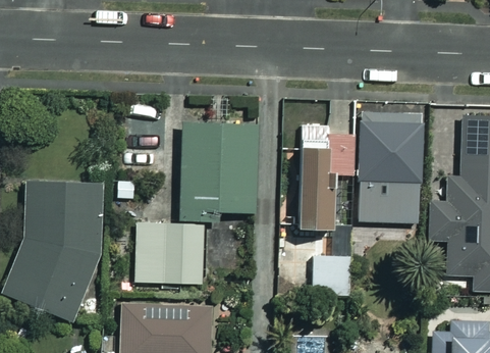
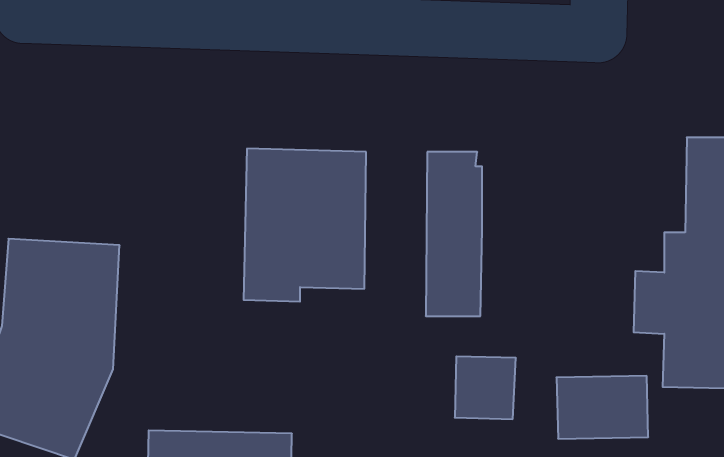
building: [331,121,425,175] -> none
building: [361,183,419,222] -> [556,376,648,439]
building: [135,224,206,283] -> none

